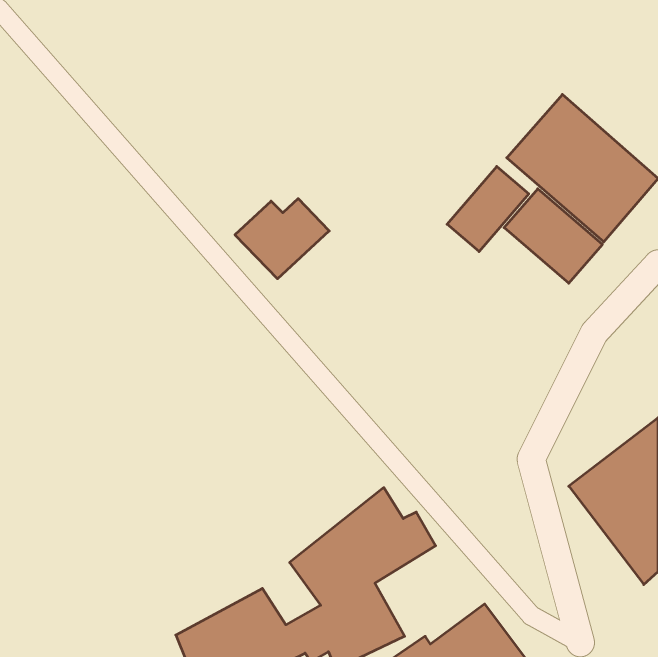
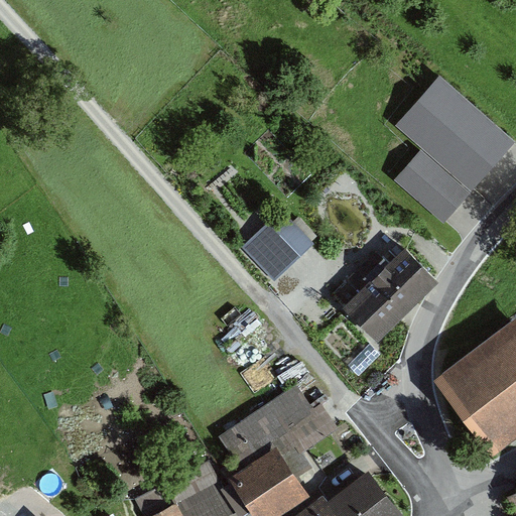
building: [447,166,529,252] -> none
building: [235,199,329,279] -> [240,221,313,283]
building: none -> [329,246,431,337]

